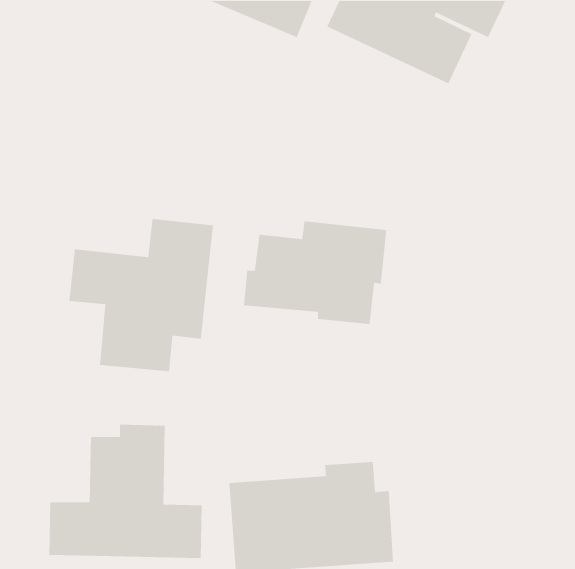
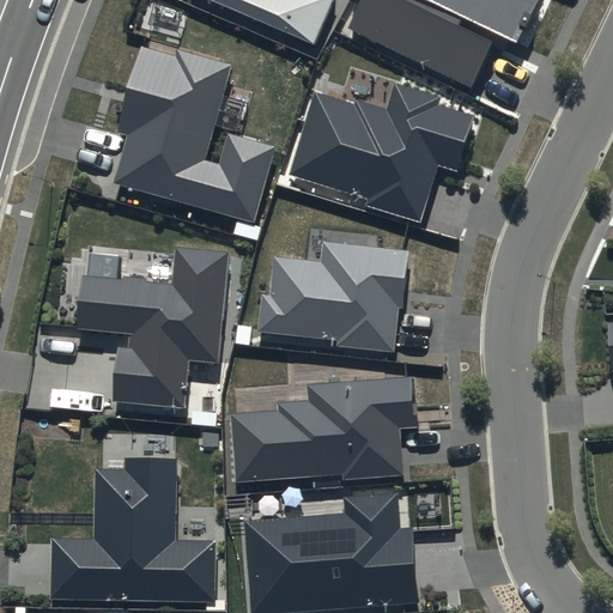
building: none -> [116,45,273,219]
building: none -> [290,81,478,223]
building: none -> [230,374,417,480]

